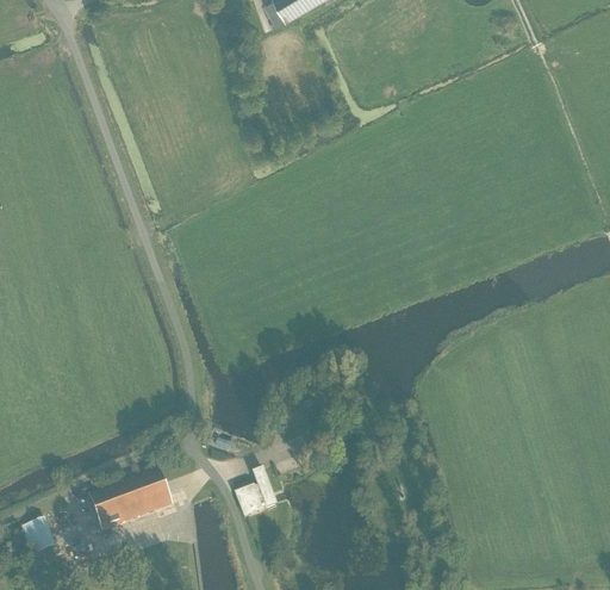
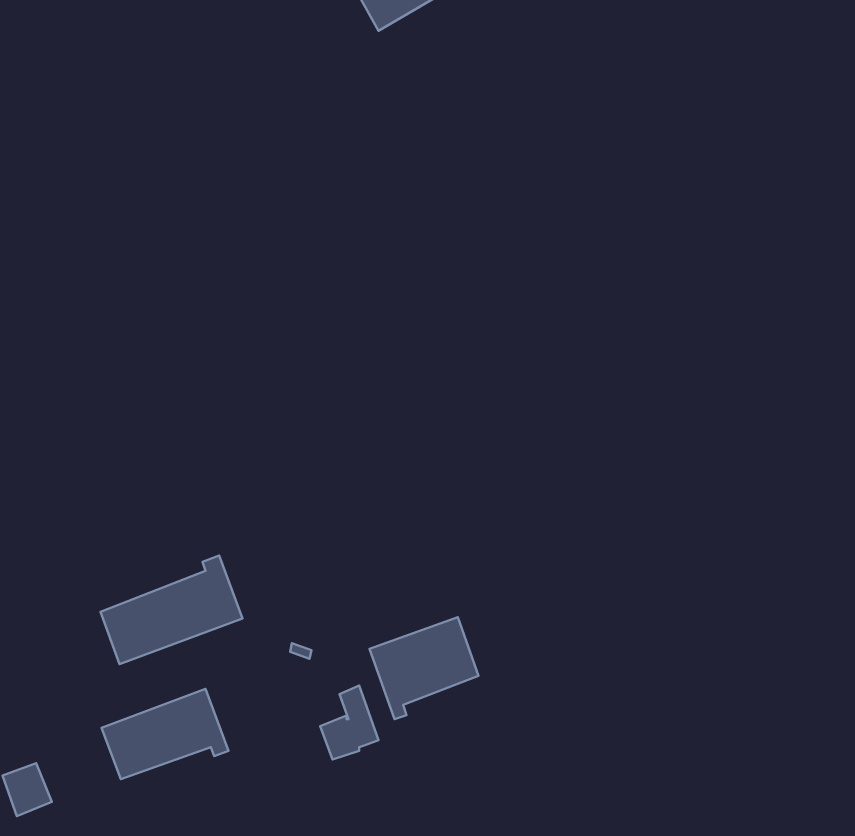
building: none -> [100,556,243,664]
building: none -> [369,617,479,719]

